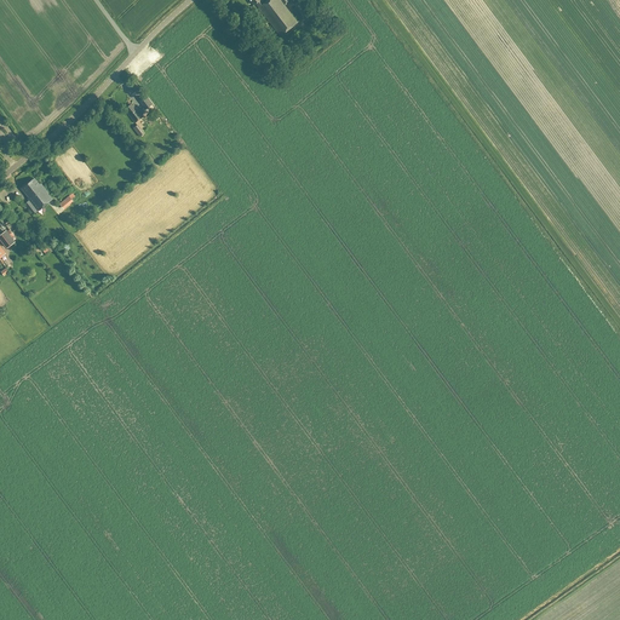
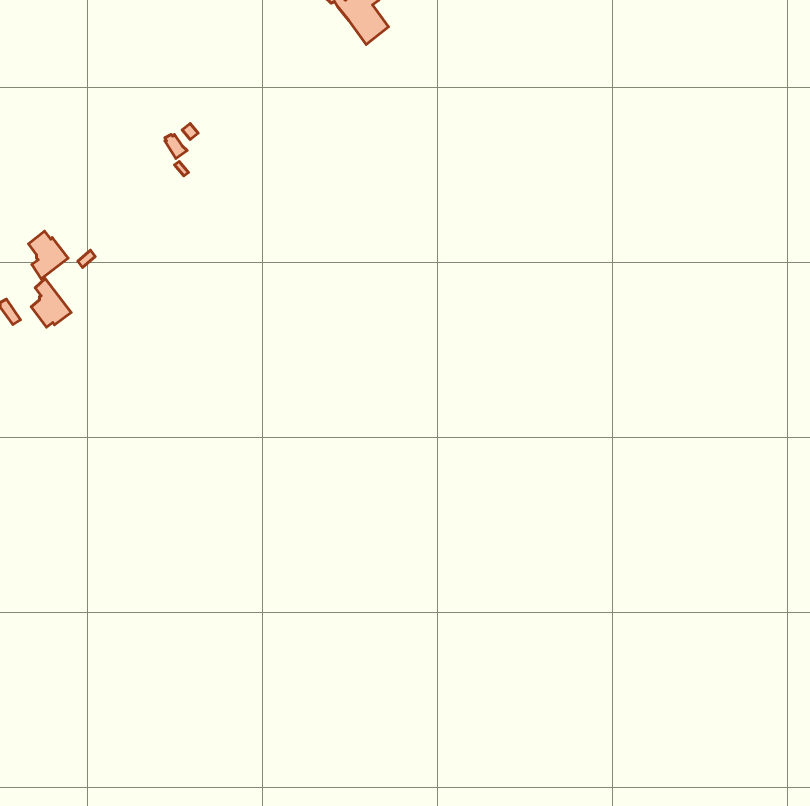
building: none -> [31,279,71,327]

